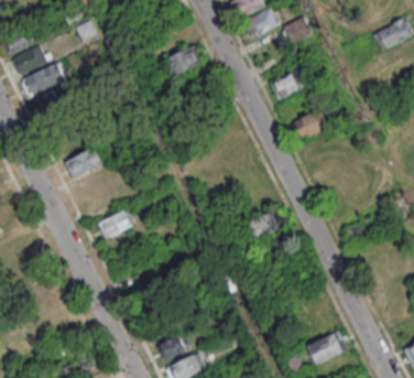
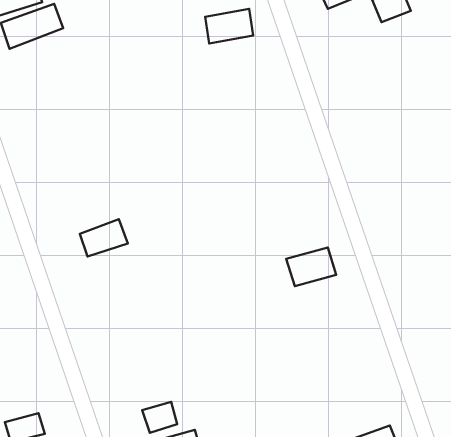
building: [269,67,308,101] -> none
building: [293,109,328,140] -> none
building: [64,147,105,177] -> none

